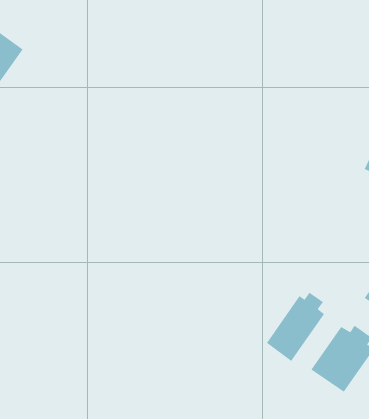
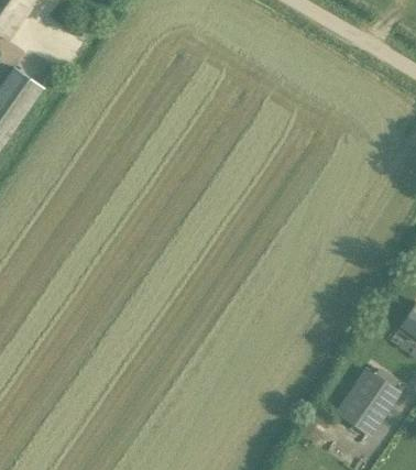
building: [266,292,325,362] -> none

